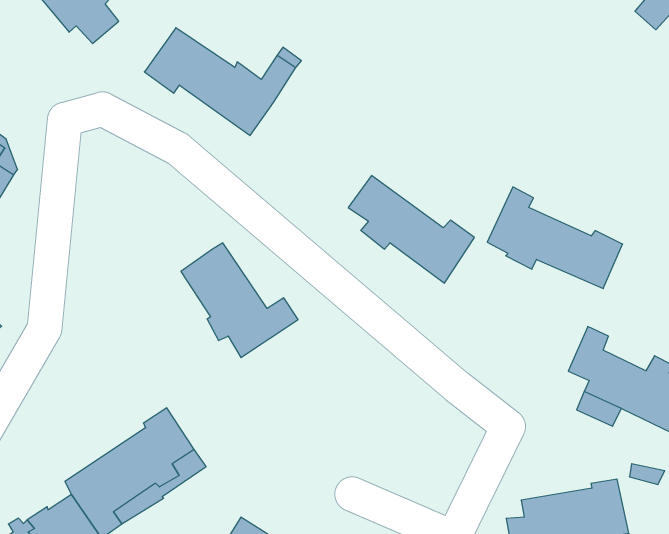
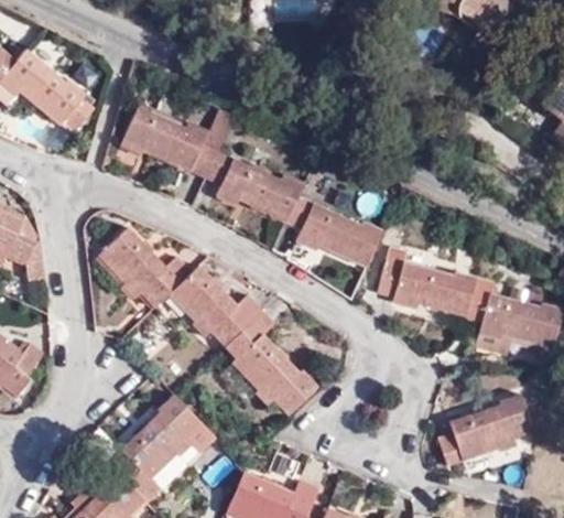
building: none -> [204,154,302,223]
building: none -> [101,228,189,304]
building: [487,187,623,289] -> [377,252,477,316]
building: none -> [225,312,316,412]

